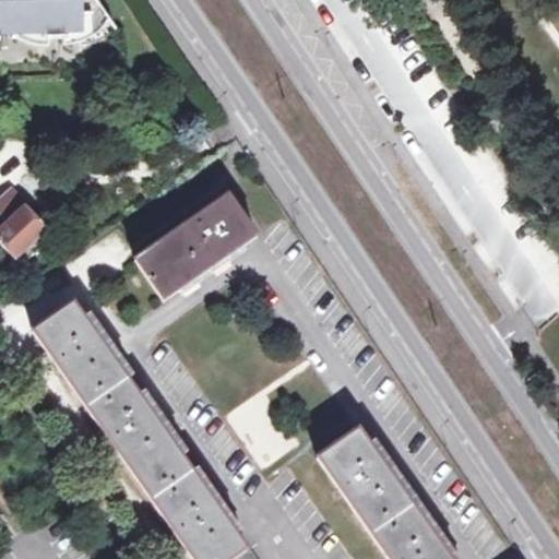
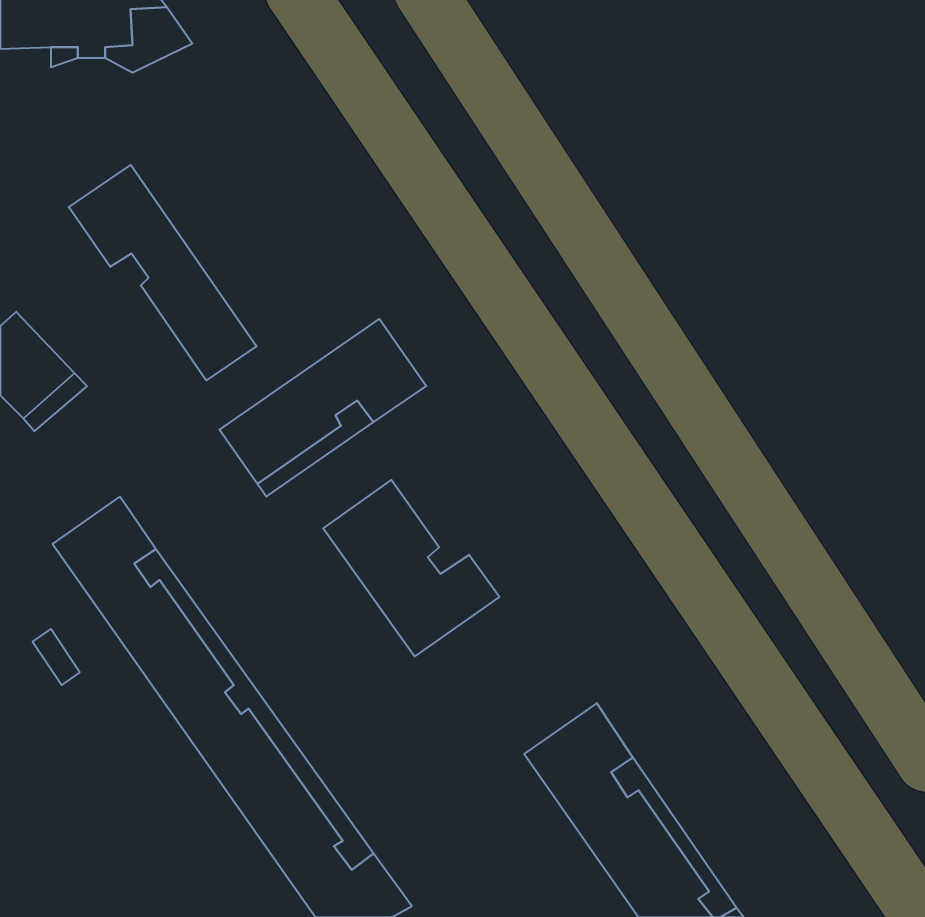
building: none -> [69,165,257,380]
building: none -> [323,480,499,657]

